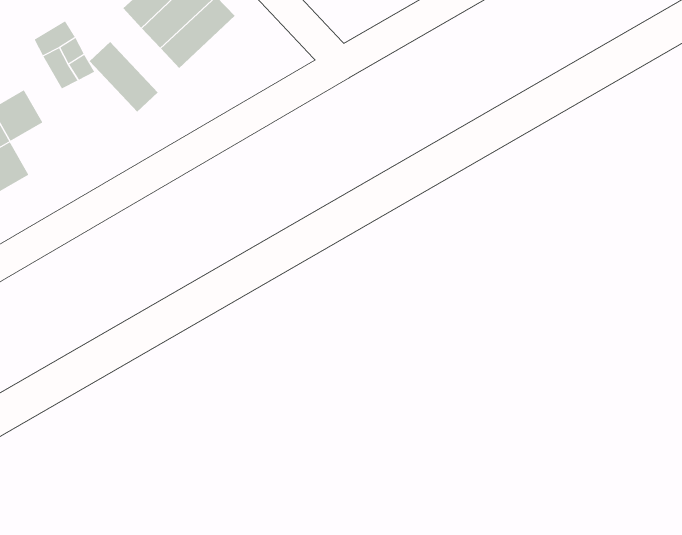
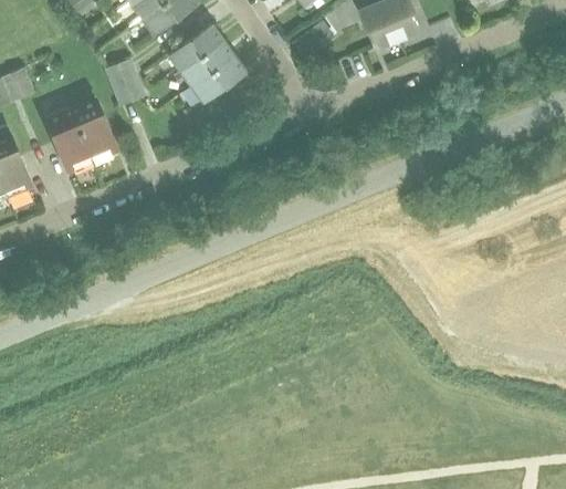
building: [89,41,158,113] -> none
building: none -> [80,125,114,159]

